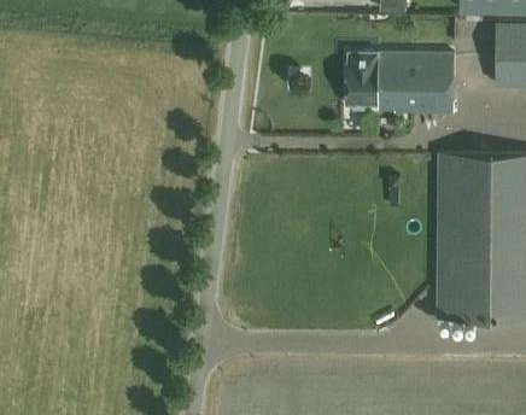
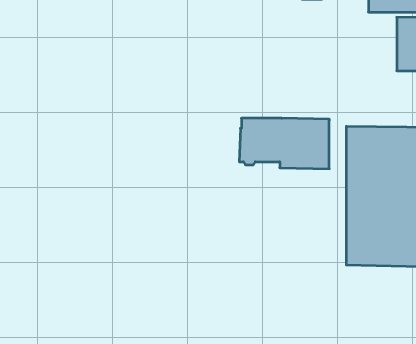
building: [346,53,454,113] -> [239,118,329,169]

